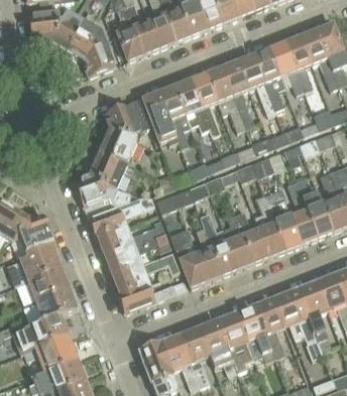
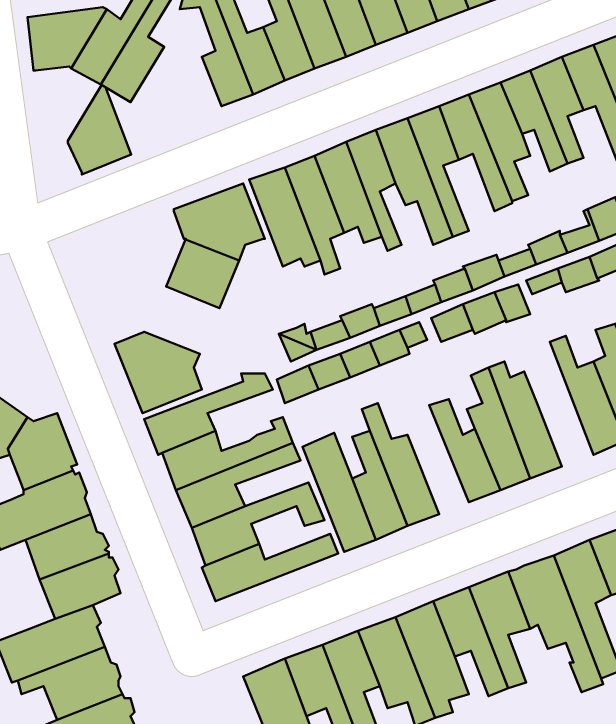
building: [82,30,114,76] -> [68,85,131,174]
building: [89,152,127,186] -> none
building: [286,180,318,244] -> none
building: [223,213,254,268] -> none

